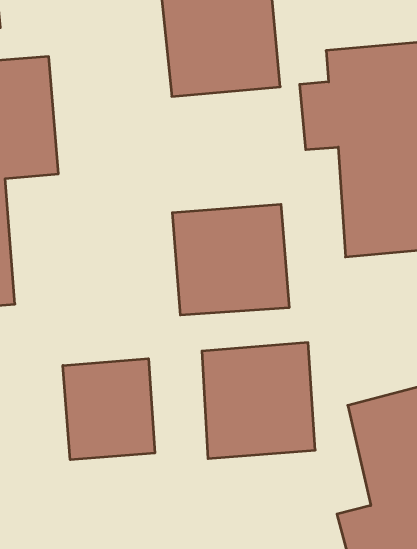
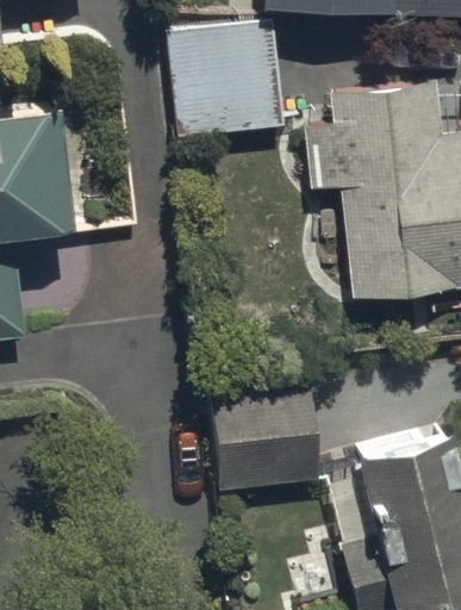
building: [172,204,289,315] -> none
building: [63,359,155,460] -> none

